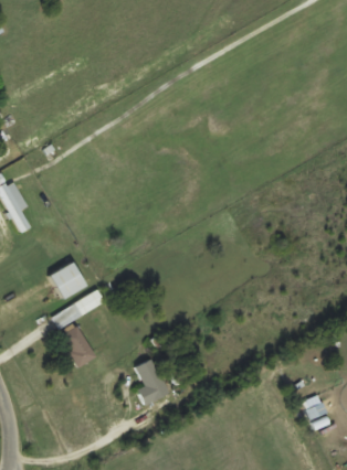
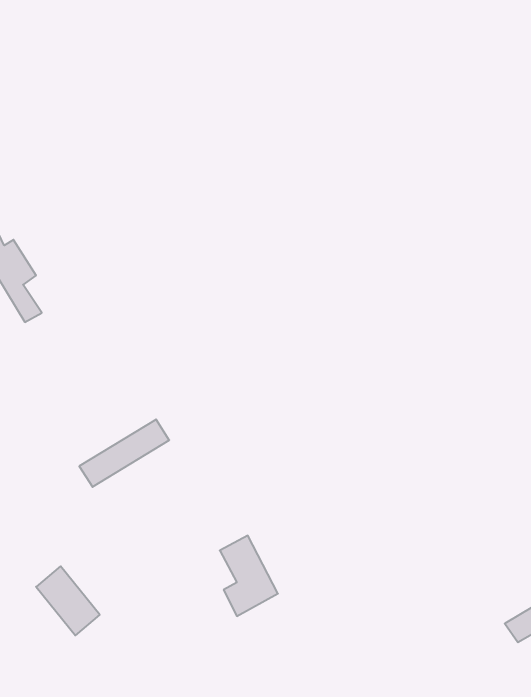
building: [50,260,87,299] -> none
building: [59,324,96,365] -> [36,566,100,635]

